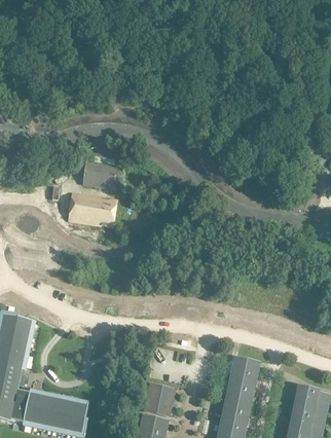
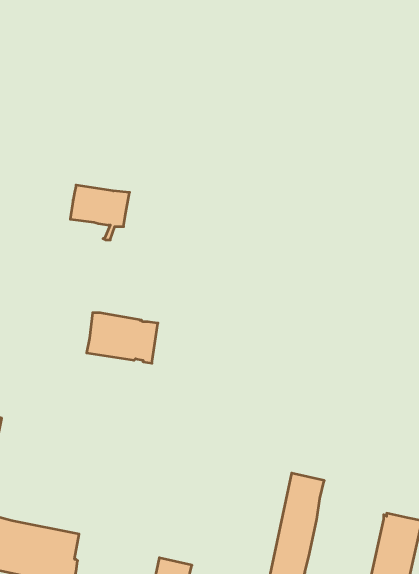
building: [68,192,117,227] -> [87,313,158,363]
building: [146,385,174,413] -> none

